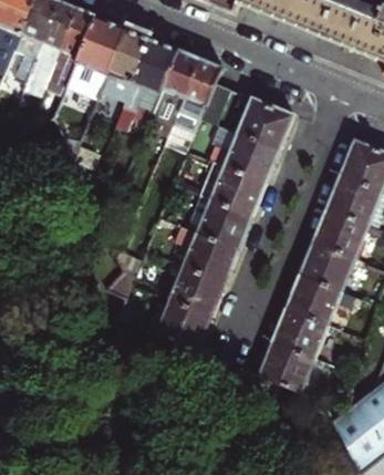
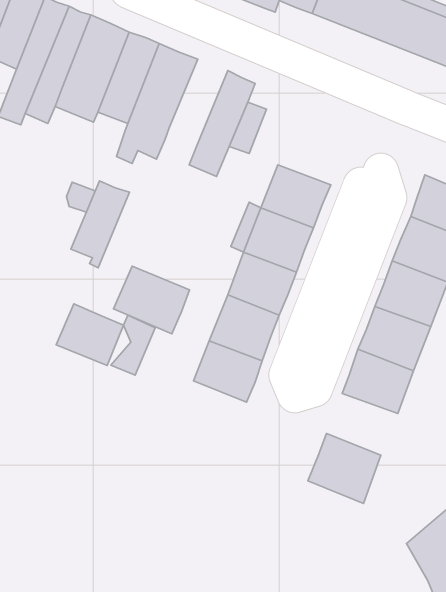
building: [153,48,198,115] -> [71,181,130,268]
building: [237,95,290,145] -> none
building: none -> [113,266,189,334]
building: none -> [56,304,124,366]
building: [159,297,212,348] -> none
building: [274,307,330,354] -> none

